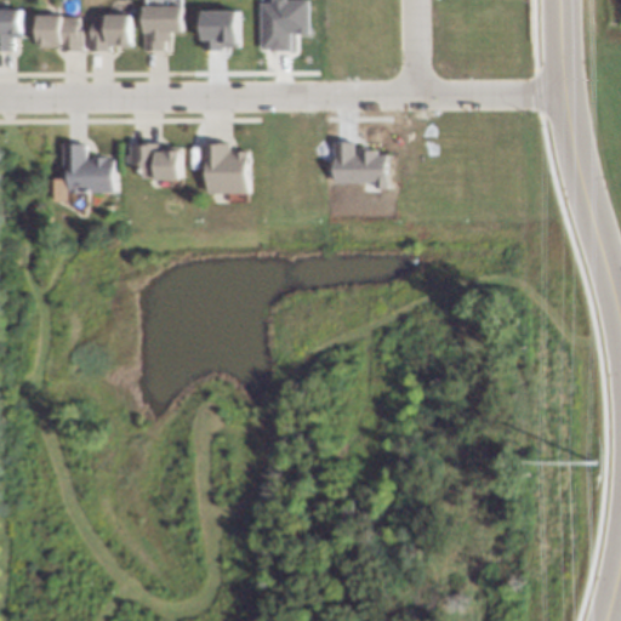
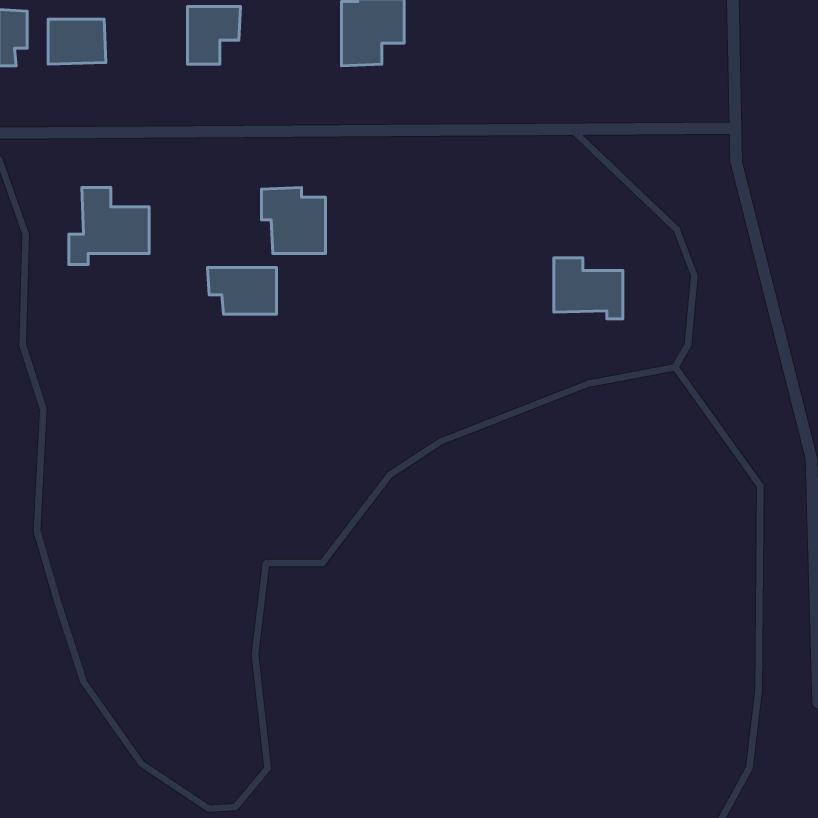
building: [201,10,238,47] -> none
building: [86,13,130,47] -> none
building: [332,141,384,187] -> [554,258,623,319]
building: [127,143,180,178] -> [207,268,276,314]

